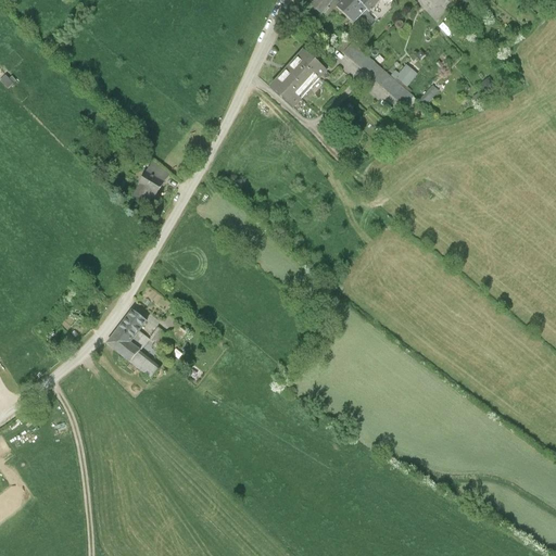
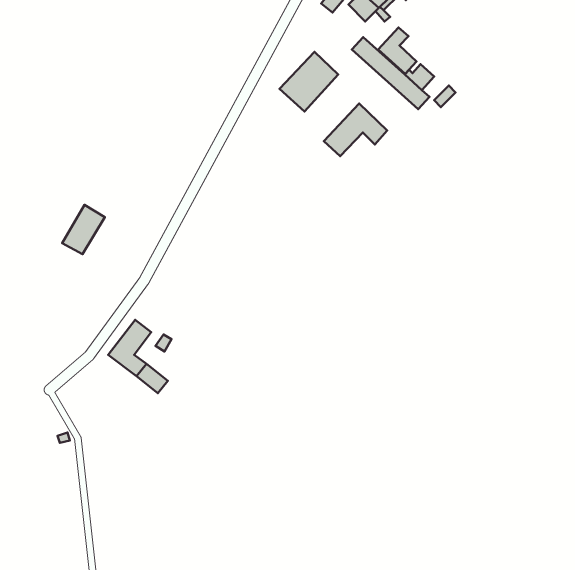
building: none -> [378,28,416,74]
building: none -> [324,104,387,156]
building: [129,159,170,206] -> [62,205,105,254]

